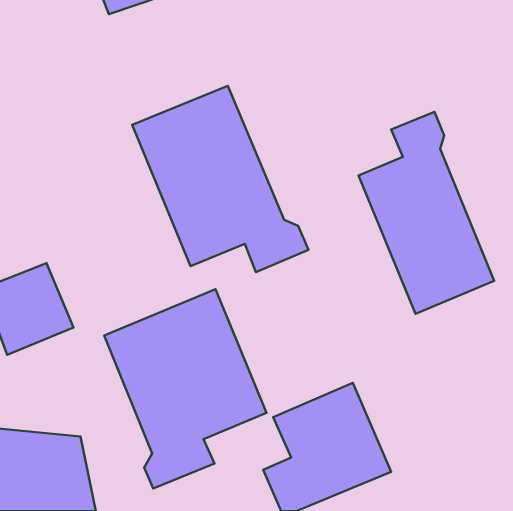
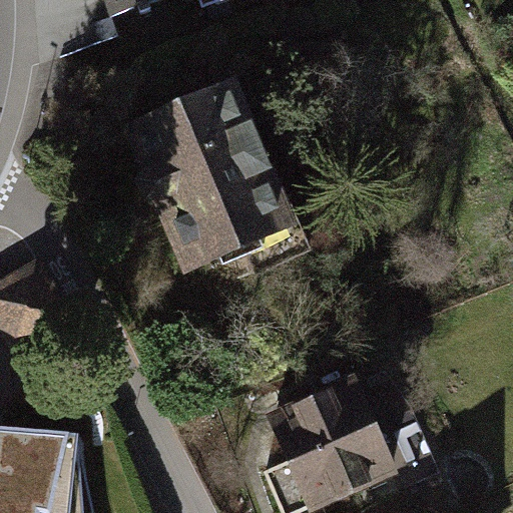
building: [358,112,494,314] -> none
building: [104,289,267,489] -> none

